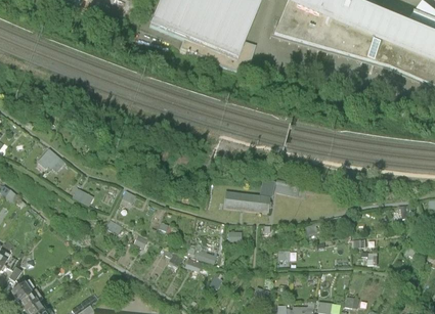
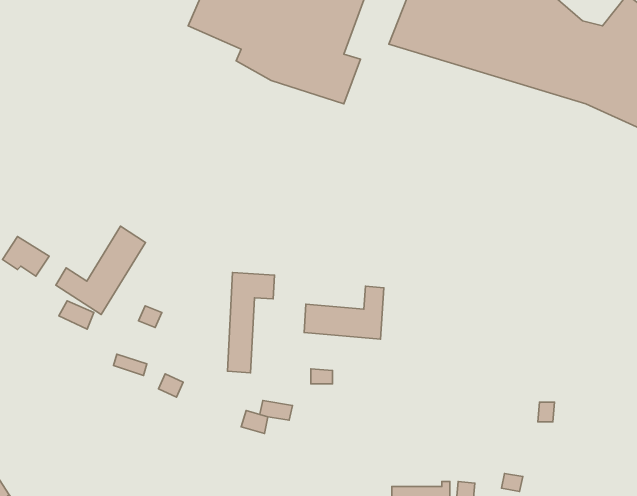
building: none -> [56,226,145,315]
building: none -> [228,272,274,373]

